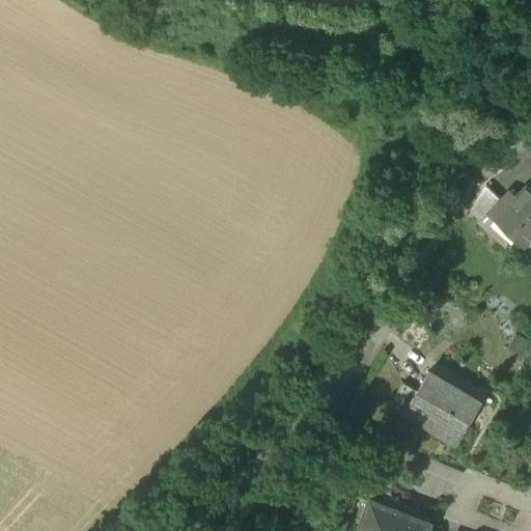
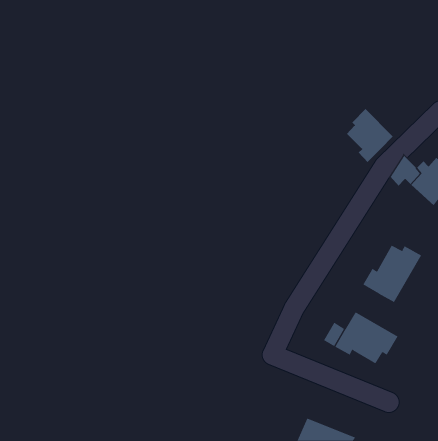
building: none -> [346,108,394,163]
building: none -> [362,245,422,303]

